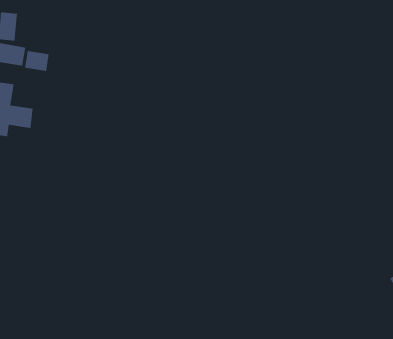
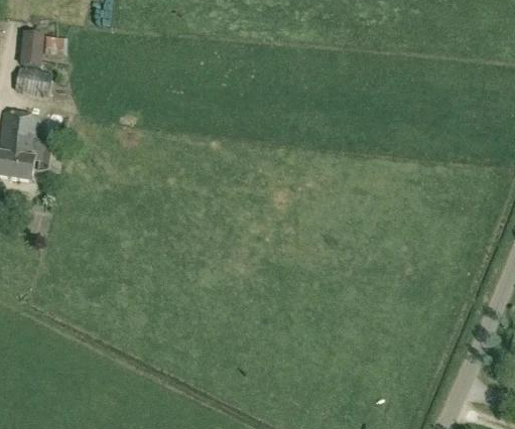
building: [24,50,50,72] -> none

